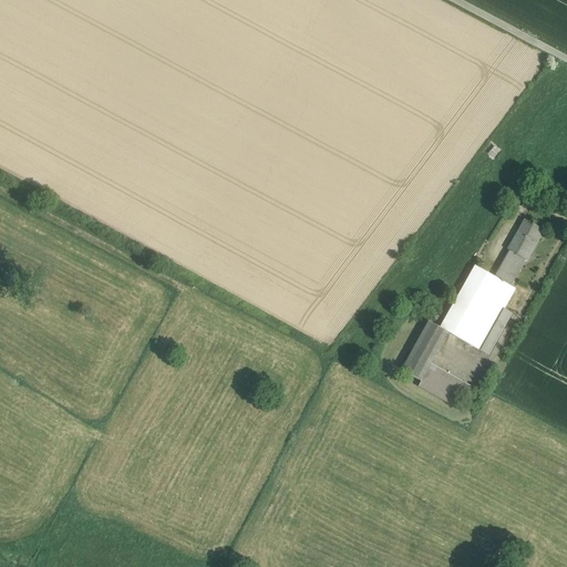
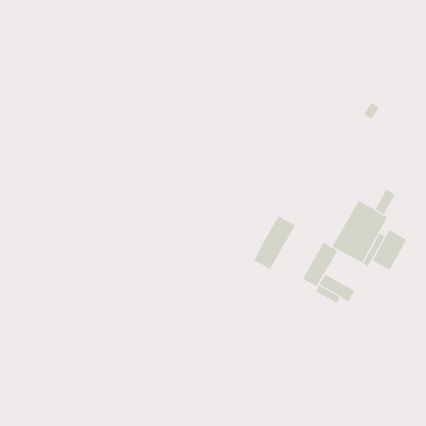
building: [506,218,543,259] -> none
building: none -> [253,215,296,270]
building: none -> [372,229,407,271]

